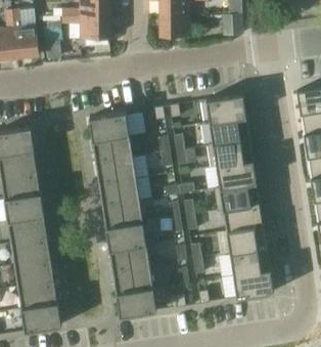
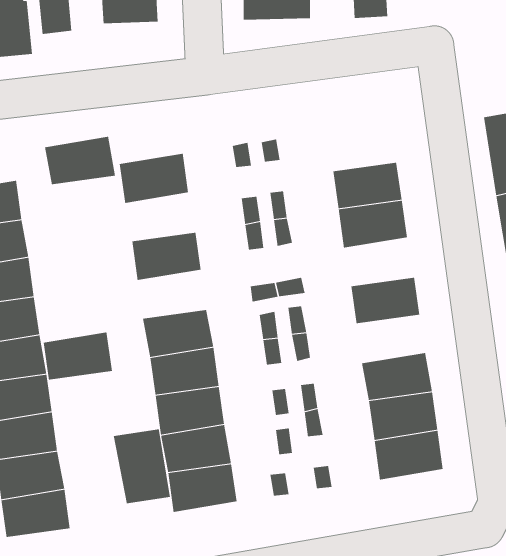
building: [207,93,247,122] -> none
building: [92,134,133,162] -> [44,136,116,185]
building: [217,160,258,187] -> none
building: [99,178,139,206] -> [43,332,113,380]
building: [224,204,264,231] -> none
building: none -> [113,429,171,504]

